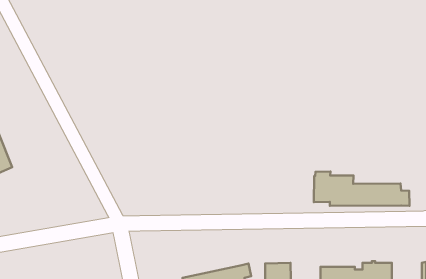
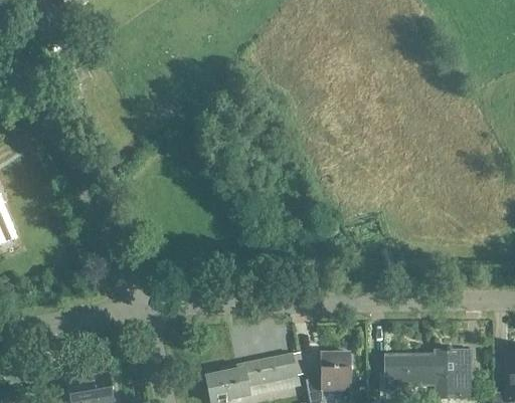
building: [314,172,409,206] -> none

